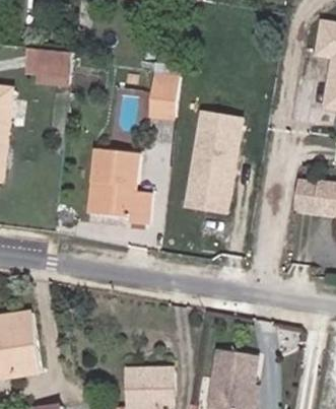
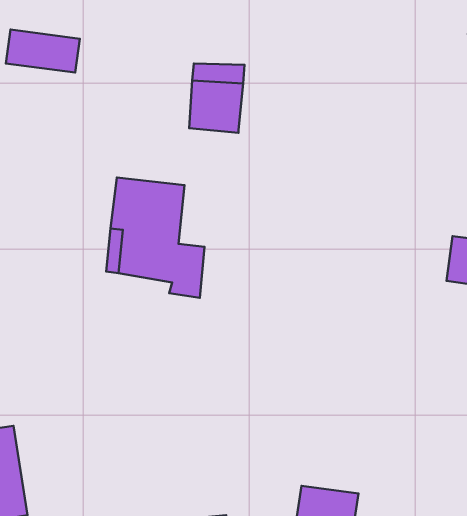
building: [198,114,248,211] -> none

